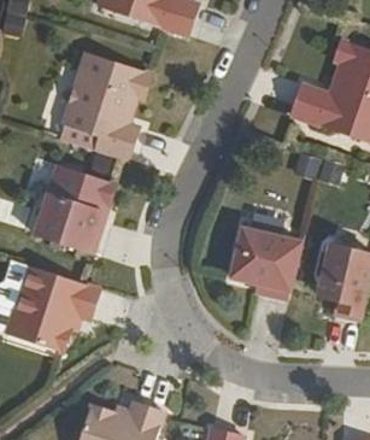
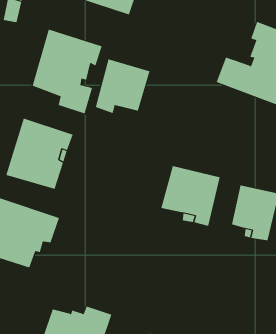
building: none -> [95,58,150,114]

